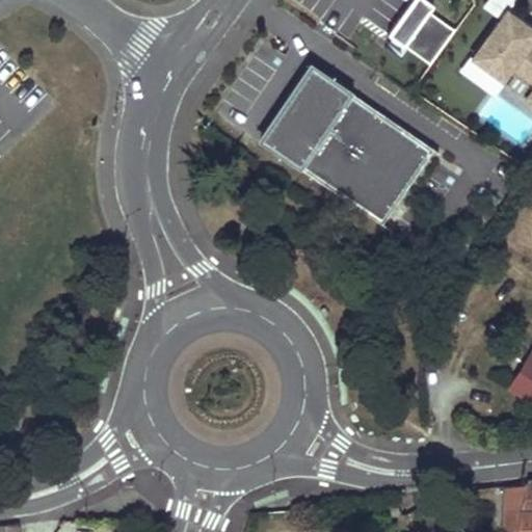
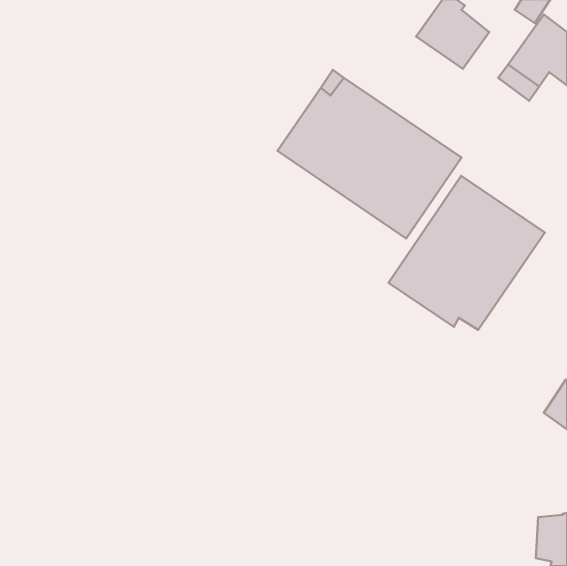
building: none -> [388,176,545,330]

